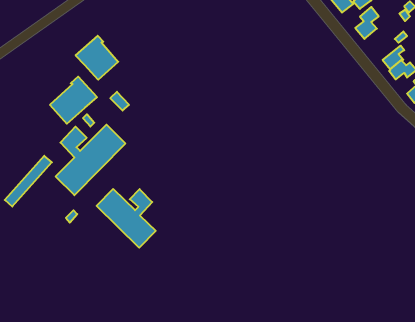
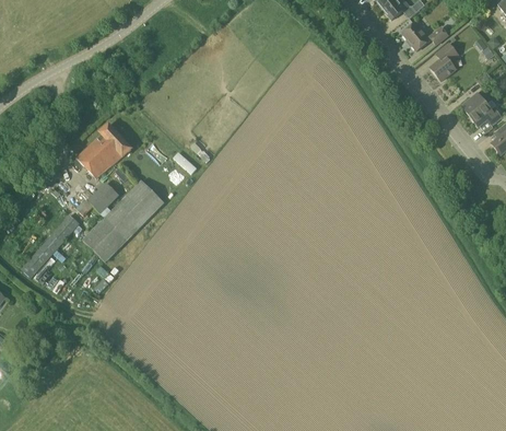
building: [76,36,118,80] -> none
building: [97,189,156,248] -> none

